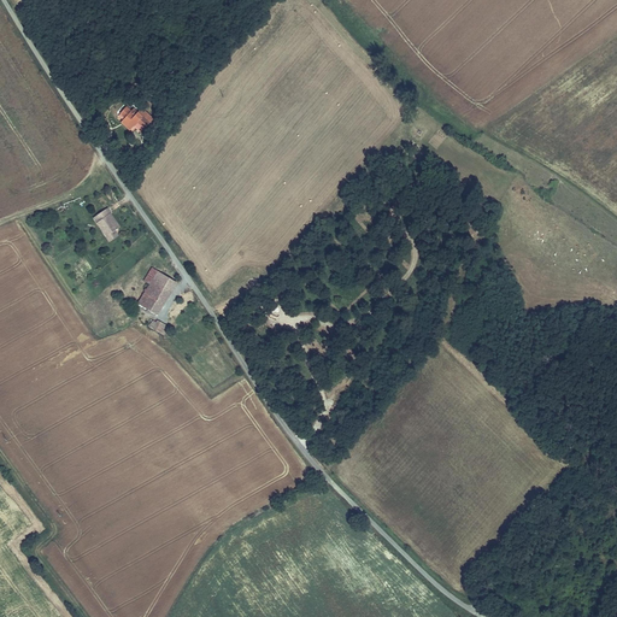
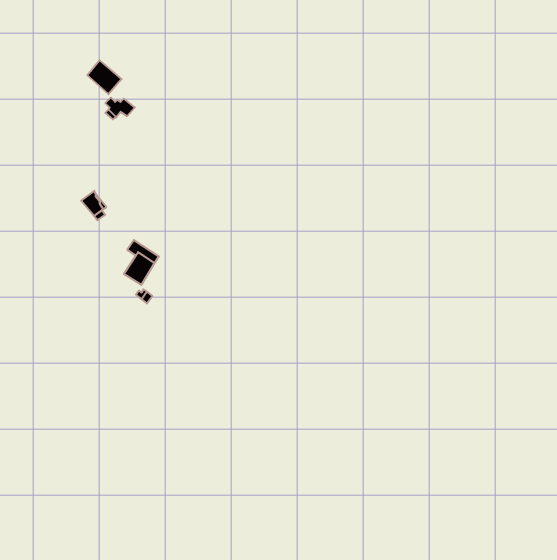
building: none -> [87,60,122,94]

